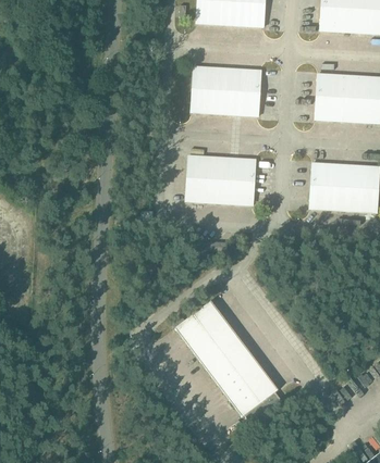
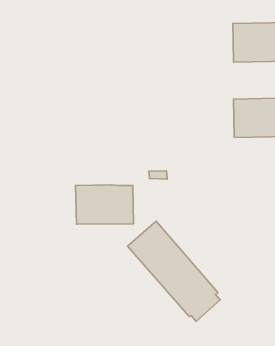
building: [192,66,261,116] -> none
building: [186,155,256,205] -> [76,185,133,224]

